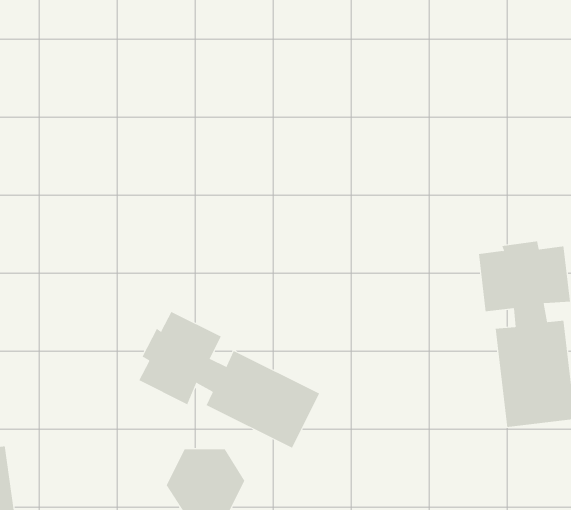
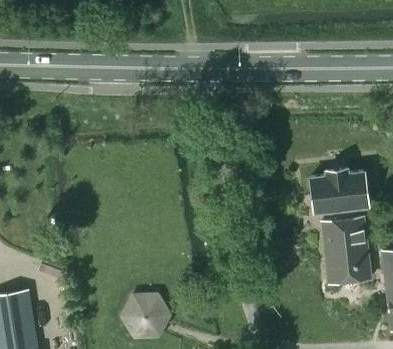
building: [138,311,320,449] -> none

